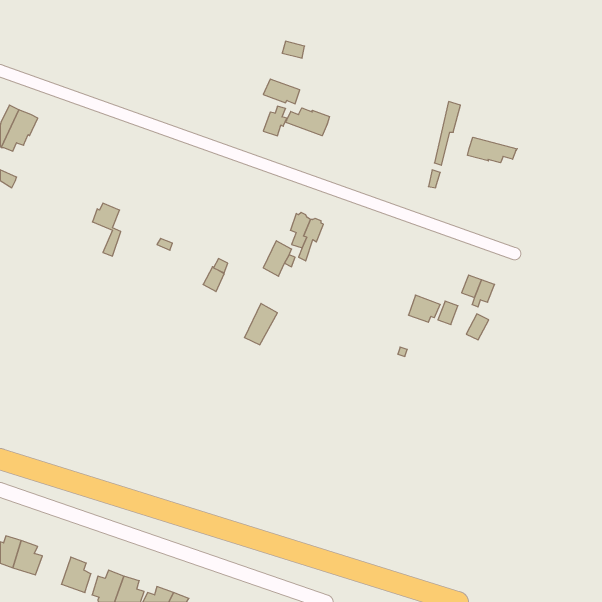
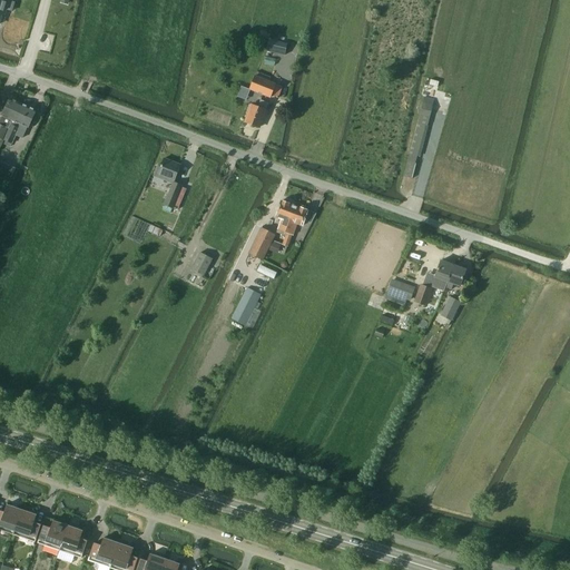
building: [285,108,330,136] -> none
building: [468,137,517,163] -> none
building: [92,203,121,256] -> [156,158,183,208]
building: none -> [37,521,68,551]

